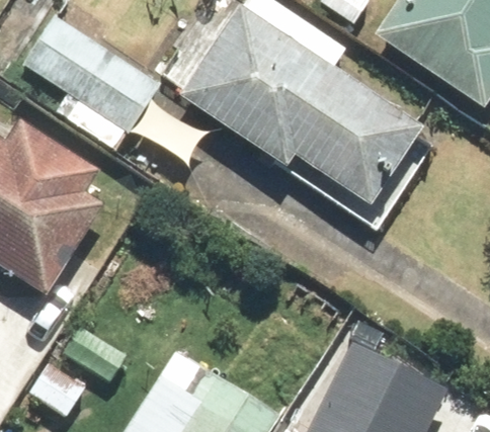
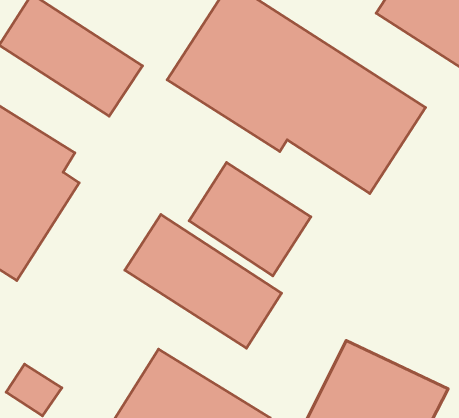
building: none -> [189,163,311,276]
building: none -> [125,214,281,348]

